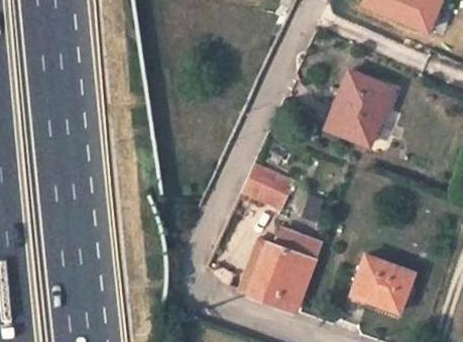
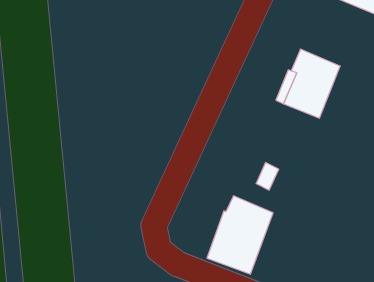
building: [243,162,296,209] -> none
building: [352,254,414,312] -> none

